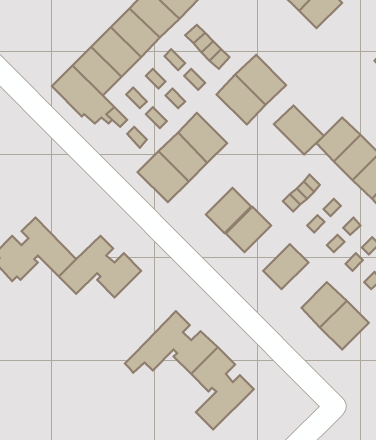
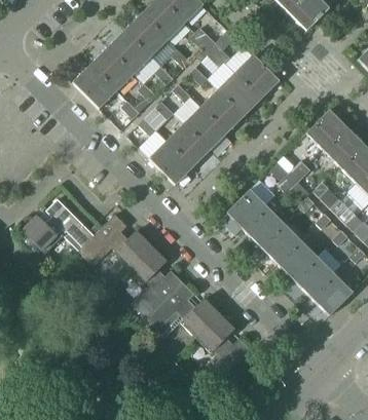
building: [274,106,324,154] -> [201,88,246,131]
building: [206,188,251,233] -> [244,204,284,244]
building: none -> [277,237,317,277]
building: none -> [128,244,183,317]

